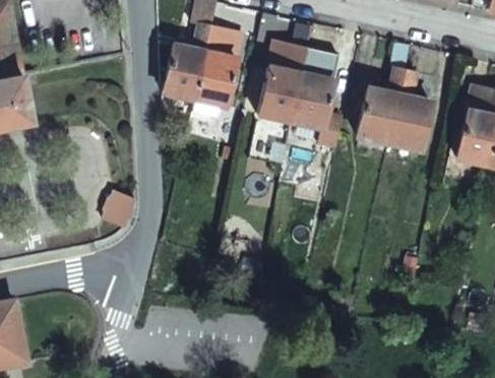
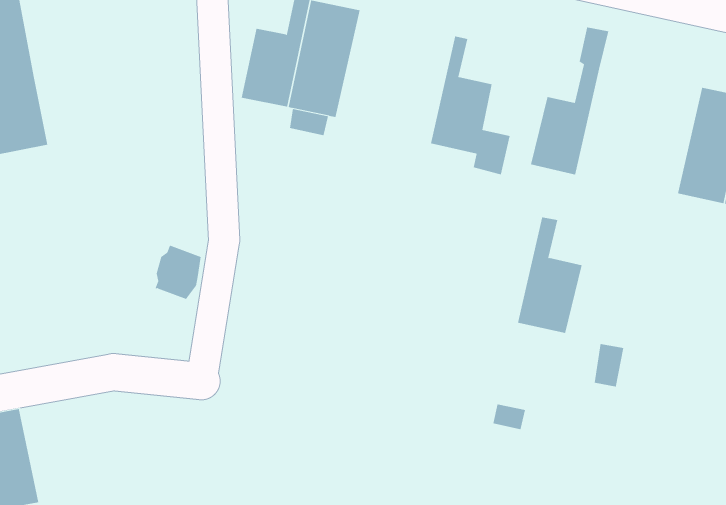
building: [256,44,306,123] -> none
building: [387,73,431,151] -> [517,217,582,333]

